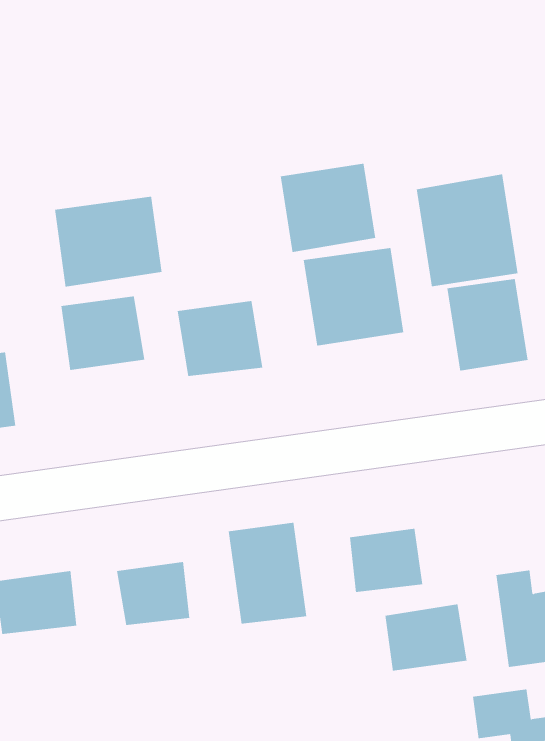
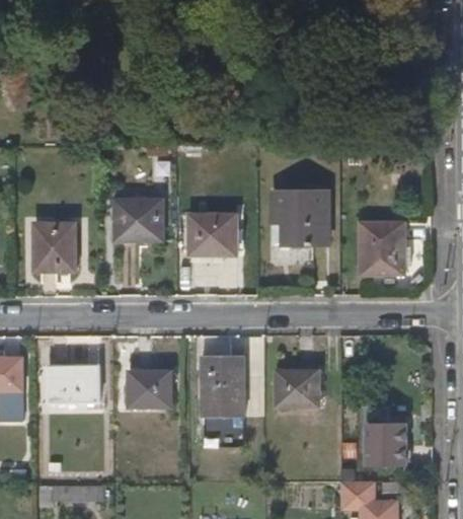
building: [280,163,376,253] -> none
building: [416,174,518,287] -> none
building: [54,196,162,287] -> none
building: [385,603,467,671] -> none

